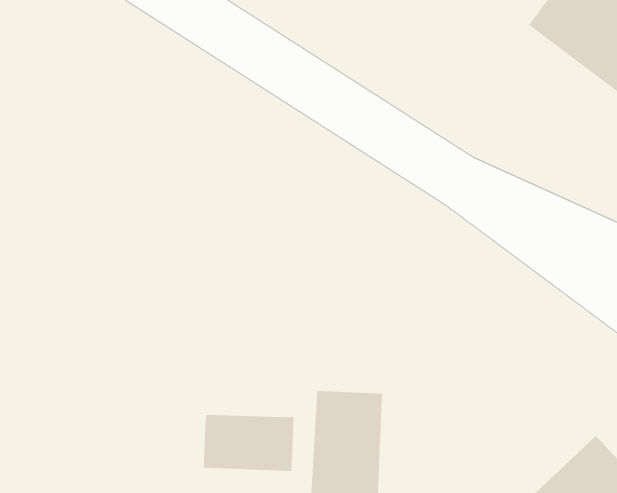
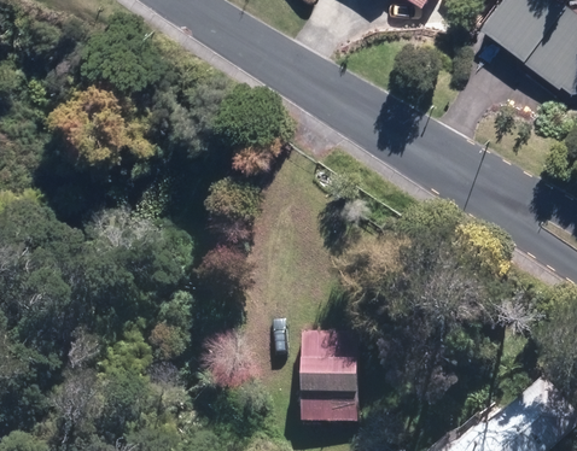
building: [203,414,294,472] -> none

